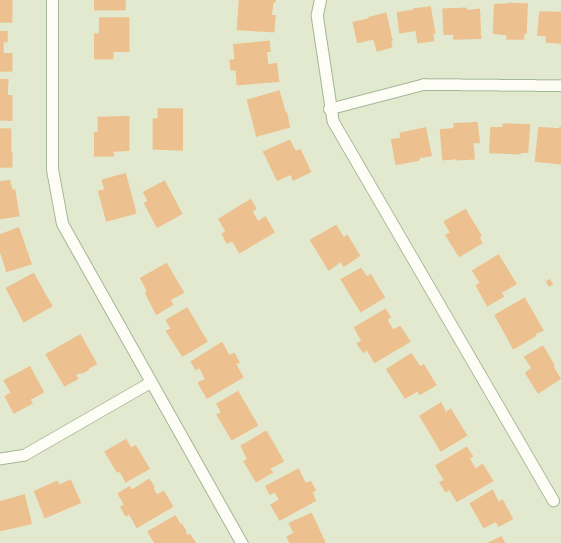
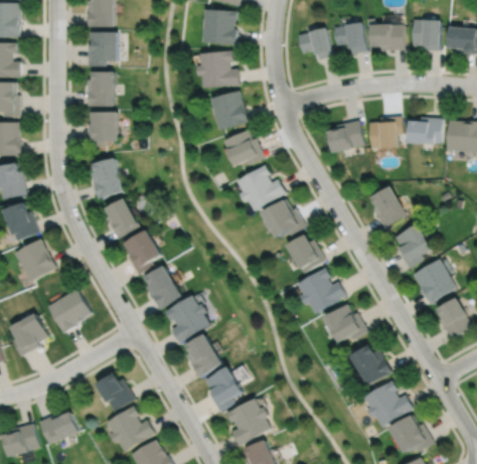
building: [152,108,184,151] -> [87,71,113,107]
building: [142,180,184,229] -> [105,199,139,240]
building: [217,198,276,255] -> [237,165,286,211]

